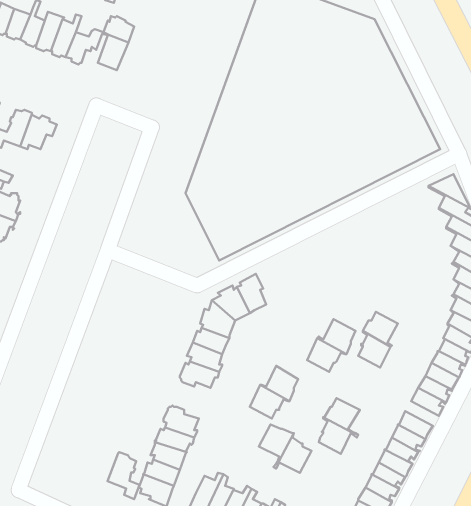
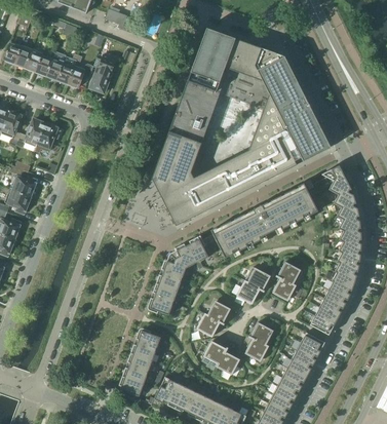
building: none -> [214,187,318,258]
building: [107,452,140,499] -> none

